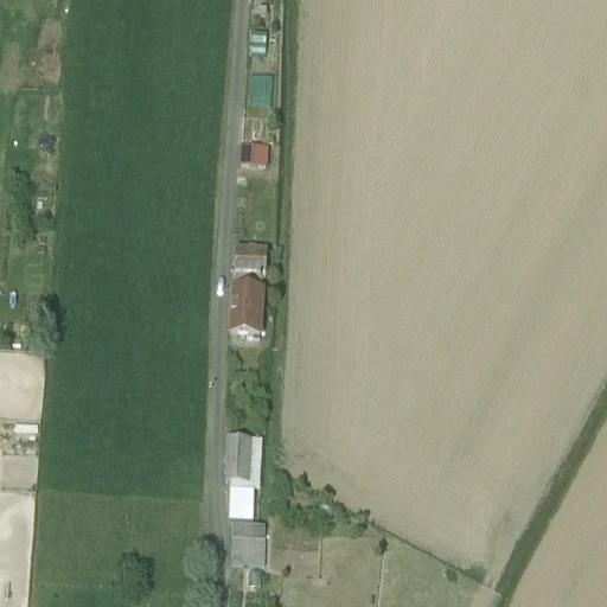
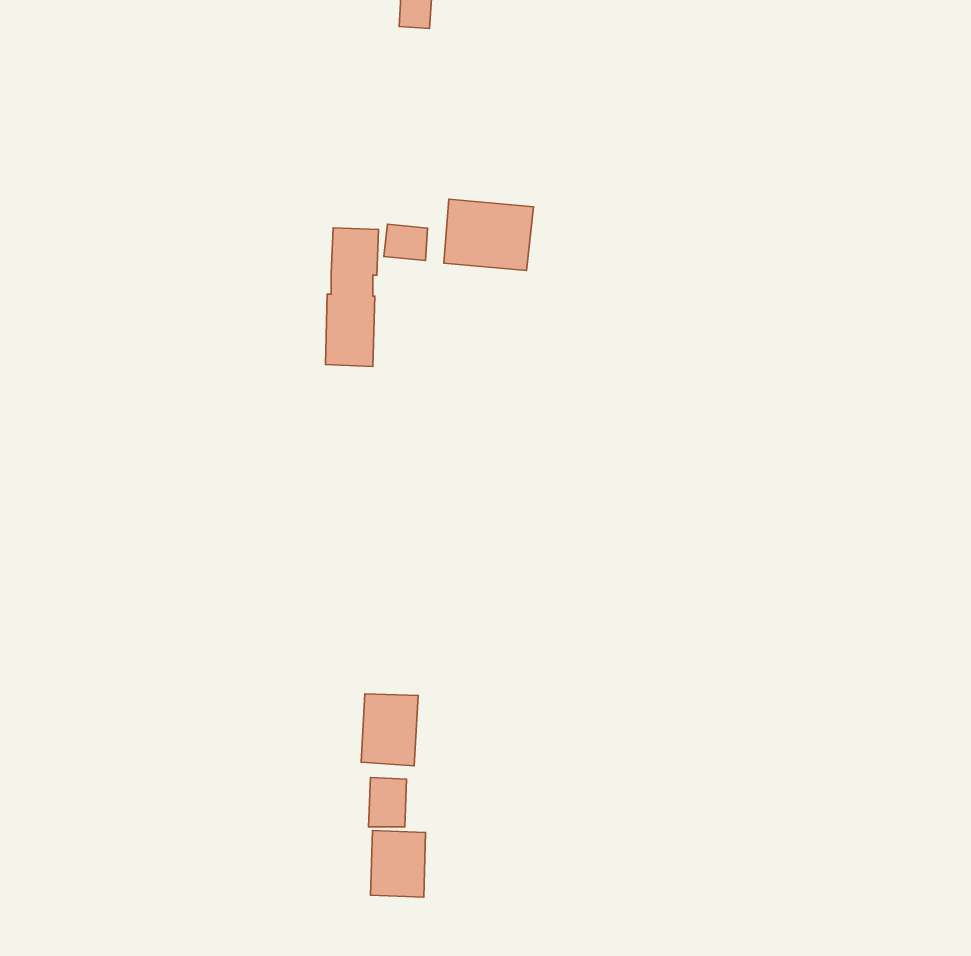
building: none -> [444,199,534,270]
building: [231,243,264,330] -> [325,228,379,366]

